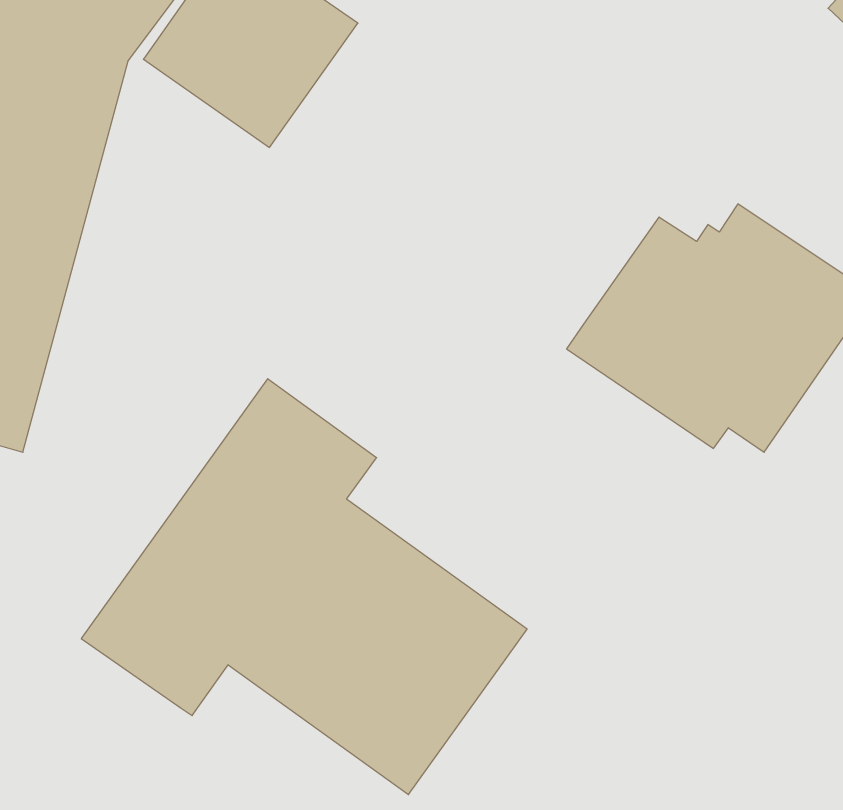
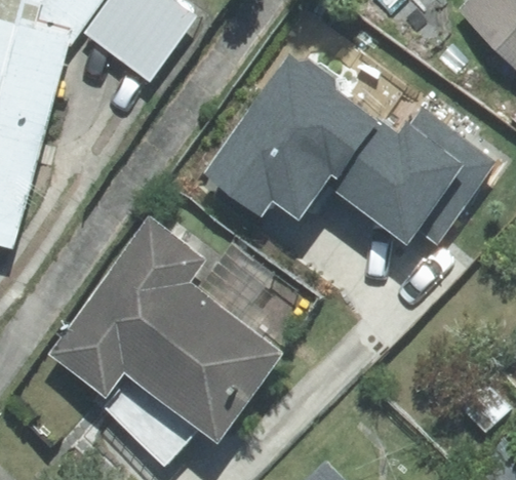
building: none -> [190,59,364,221]

